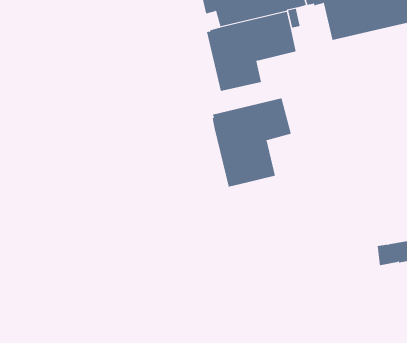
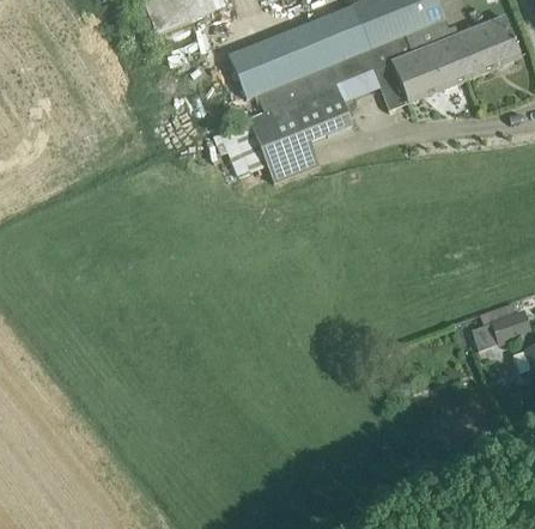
building: [212,97,292,188] -> none

